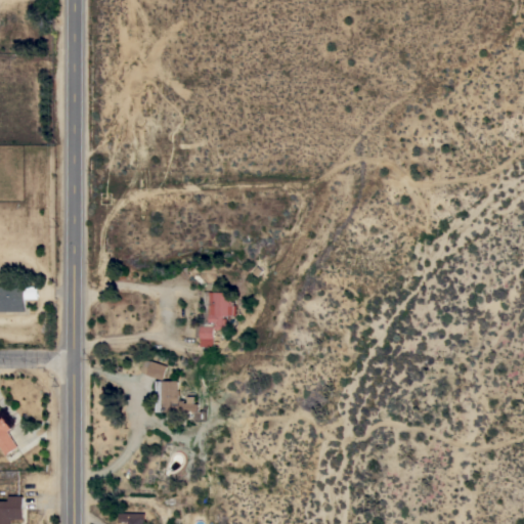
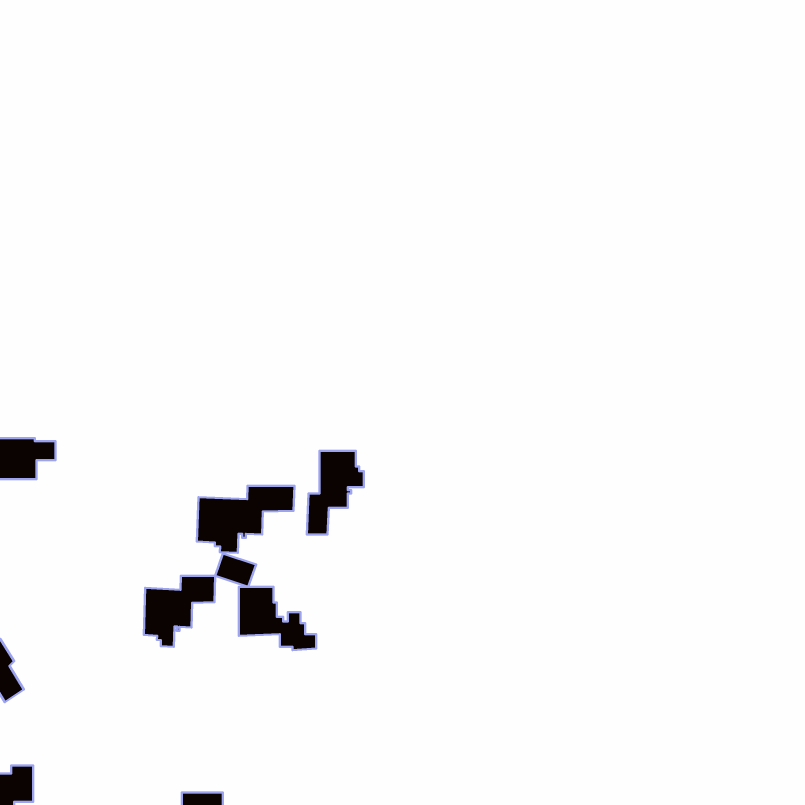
building: none -> [197,486,295,553]
building: none -> [144,576,215,647]

